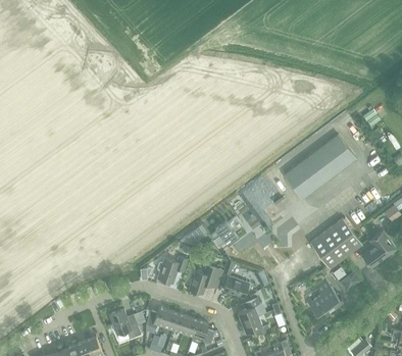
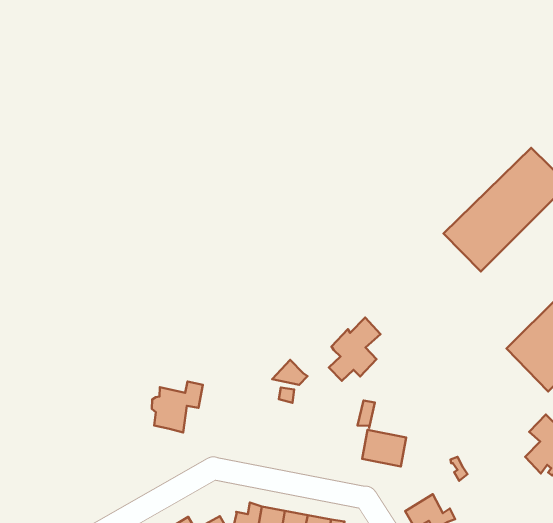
building: [157,256,187,284] -> [152,381,203,433]
building: [188,264,217,294] -> none
building: [237,298,265,322] -> none

